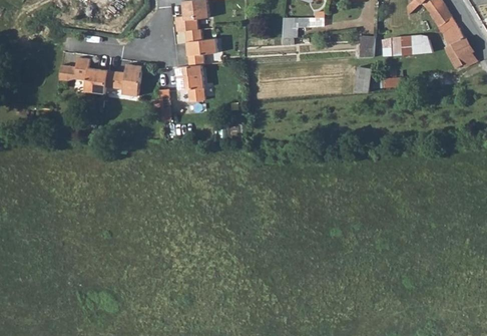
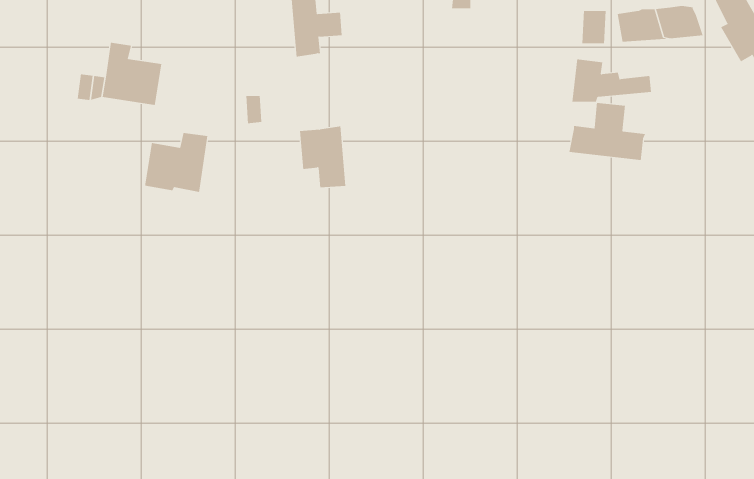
building: [104,63,142,99] -> [145,132,208,193]
building: [176,63,204,100] -> [299,126,346,188]
building: none -> [569,102,646,161]

